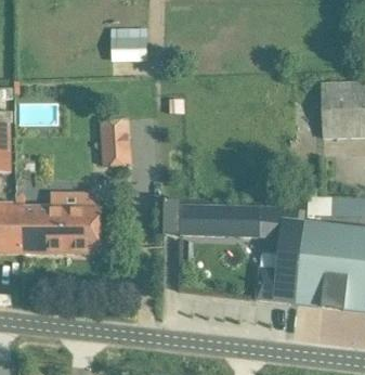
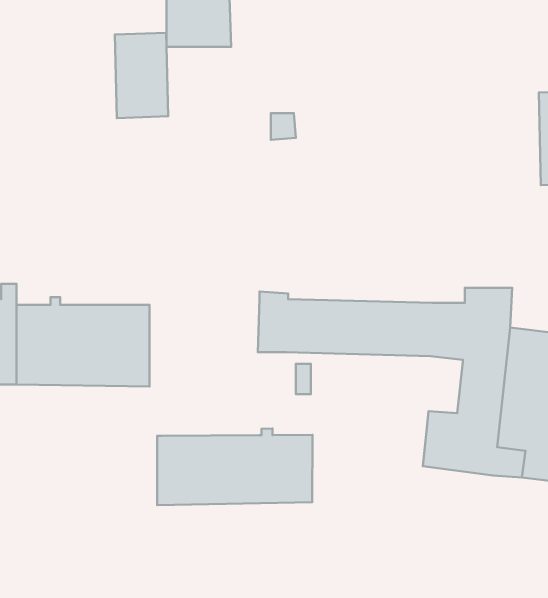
building: [101,115,131,164] -> [115,33,168,118]
building: none -> [157,429,312,505]

